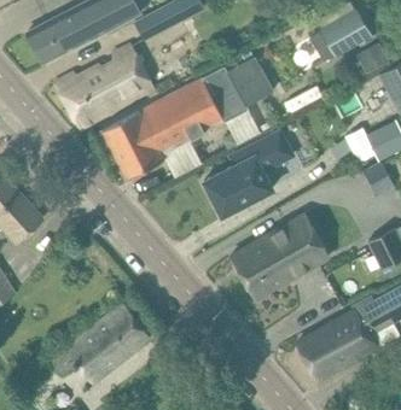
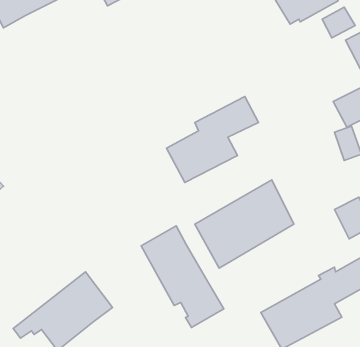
building: [56,46,151,129] -> none
building: [100,60,269,181] -> none
building: none -> [141,226,224,328]

